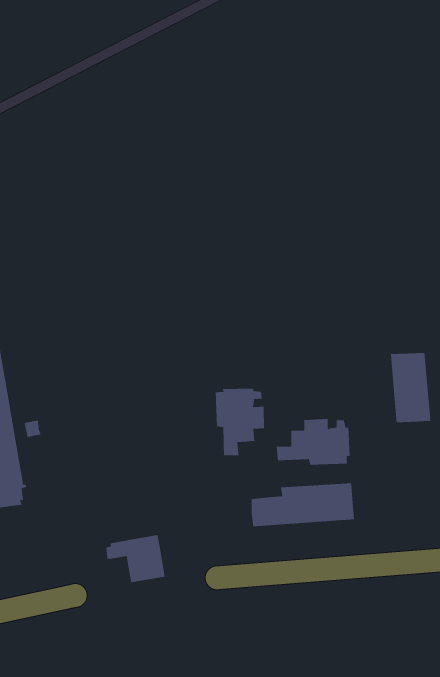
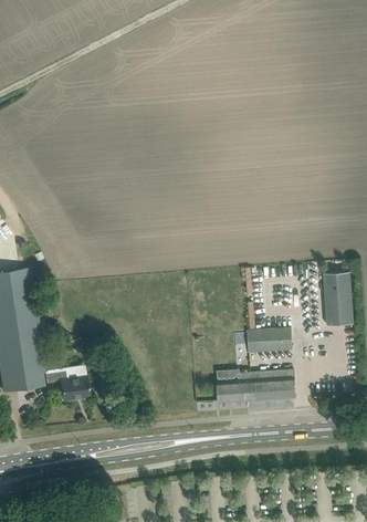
building: [215,388,265,456] -> none
building: [105,535,165,583] -> [44,364,90,400]

